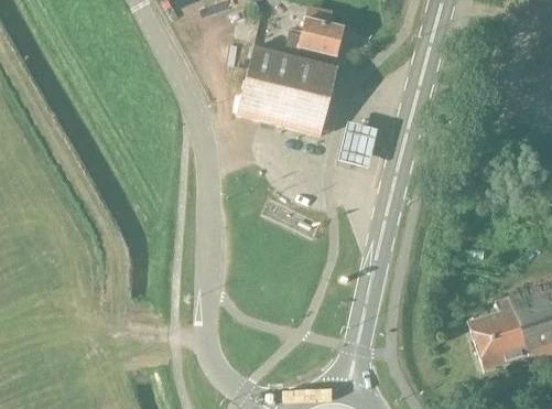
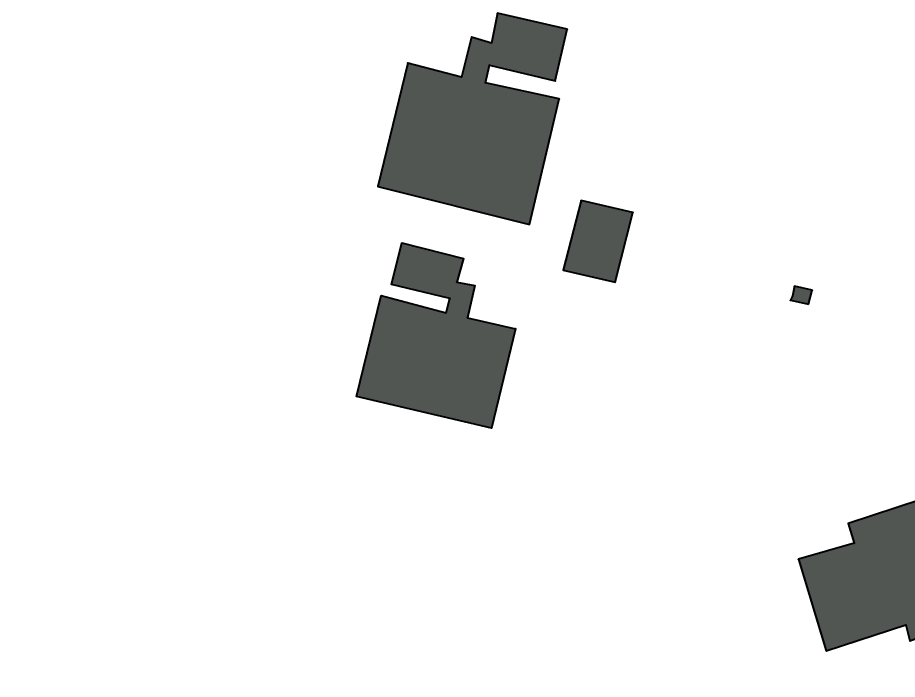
building: none -> [356,243,516,428]

